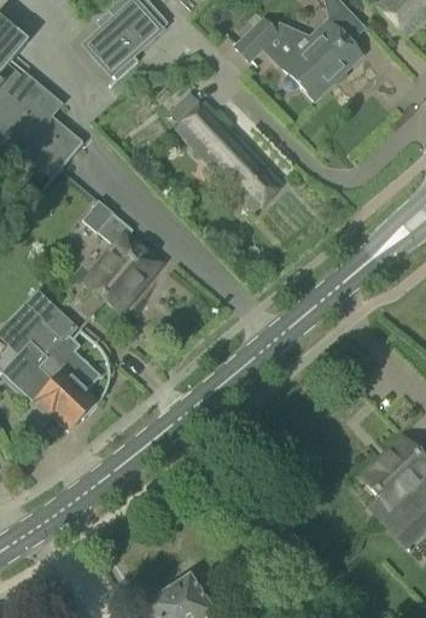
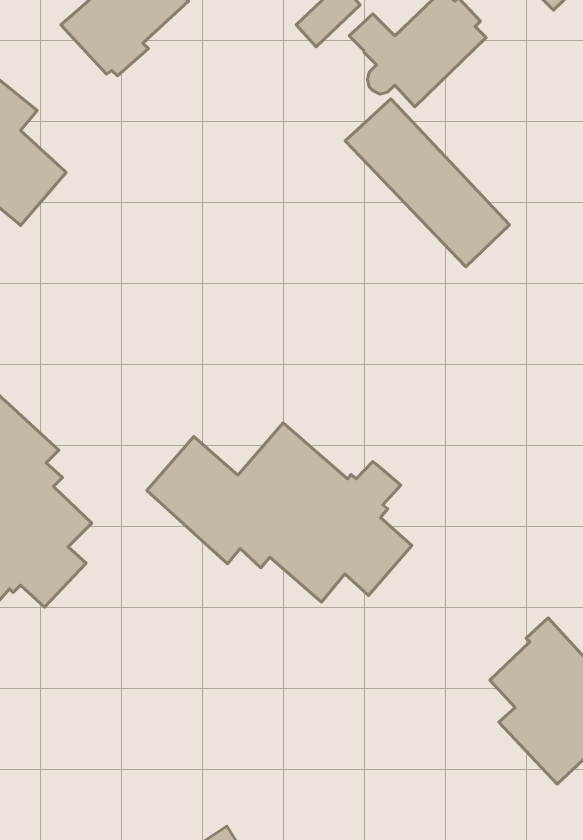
building: [174,99,282,210] -> [345,99,510,267]
building: [76,198,159,309] -> none
building: none -> [147,423,412,602]

